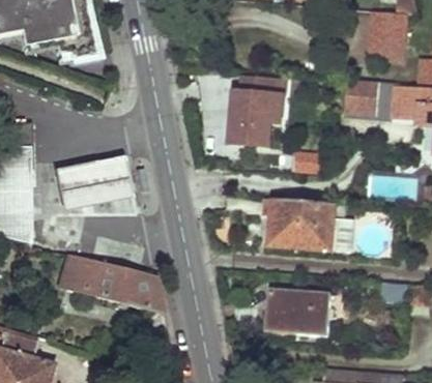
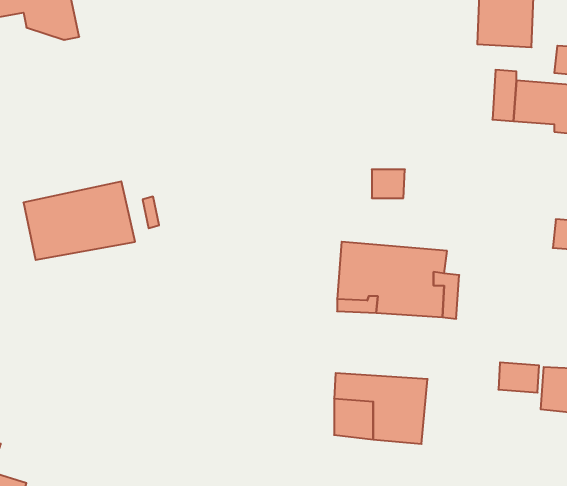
building: [229,73,285,146] -> none
building: [344,78,378,114] -> none
building: [59,253,162,312] -> none

